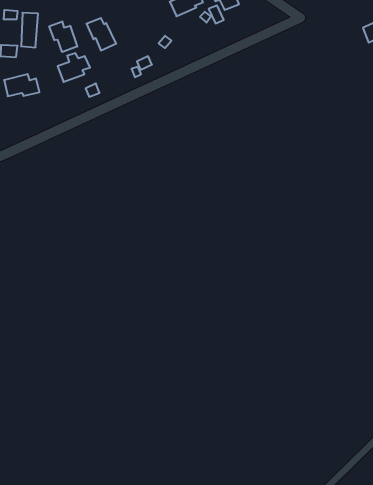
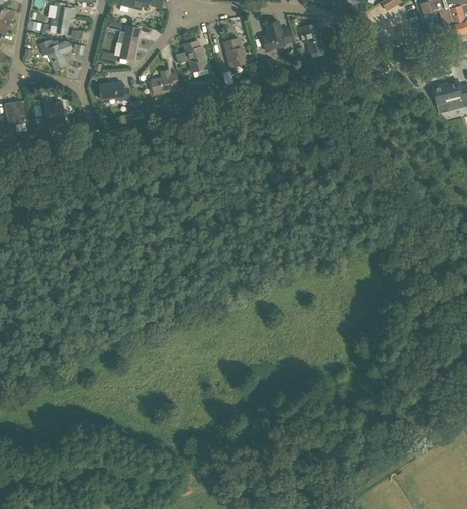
building: none -> [222,37,246,68]
building: [49,21,77,52] -> none

